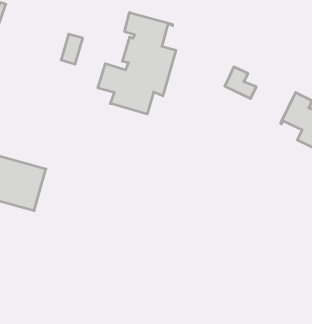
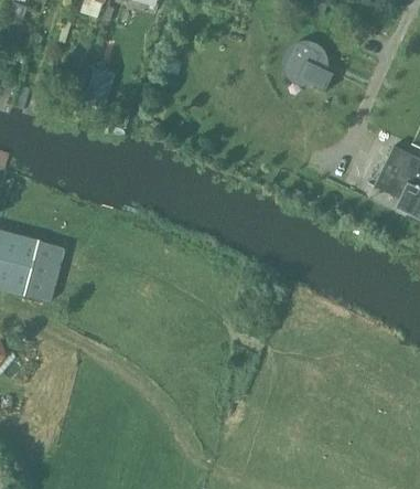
building: [98,12,176,114] -> none
building: [225,67,256,99] -> [283,45,325,87]

